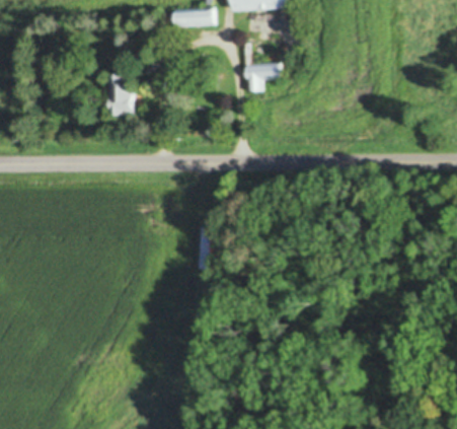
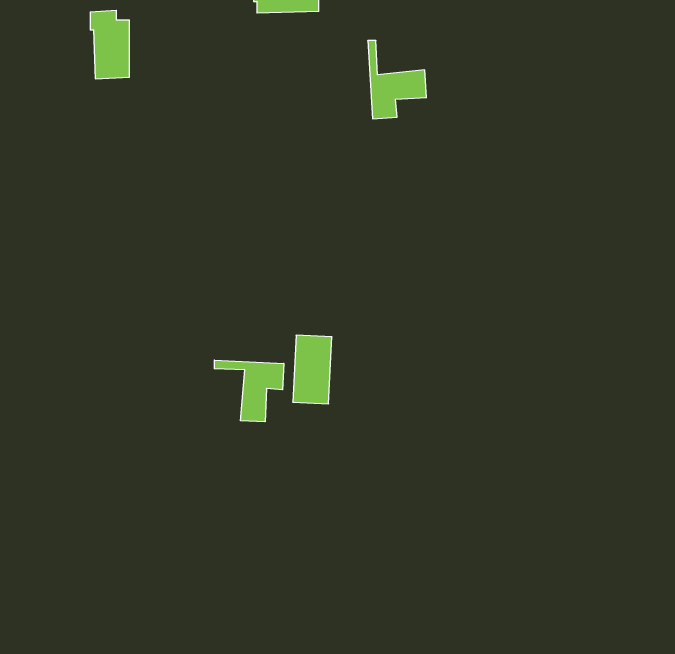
building: [106,74,131,117] -> [90,10,129,79]
building: none -> [214,360,284,422]

